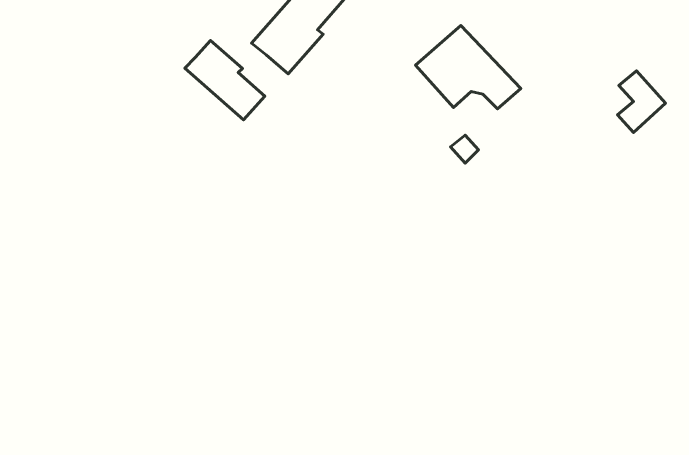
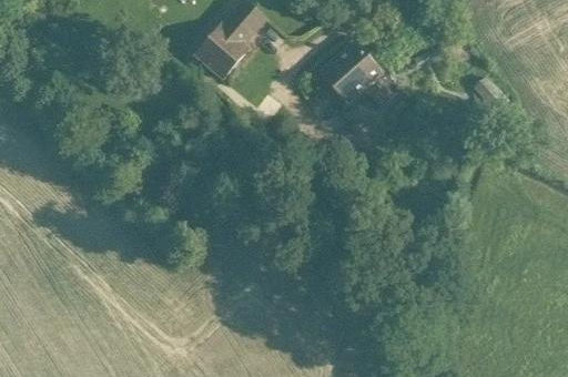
building: [185,41,265,120] -> none

